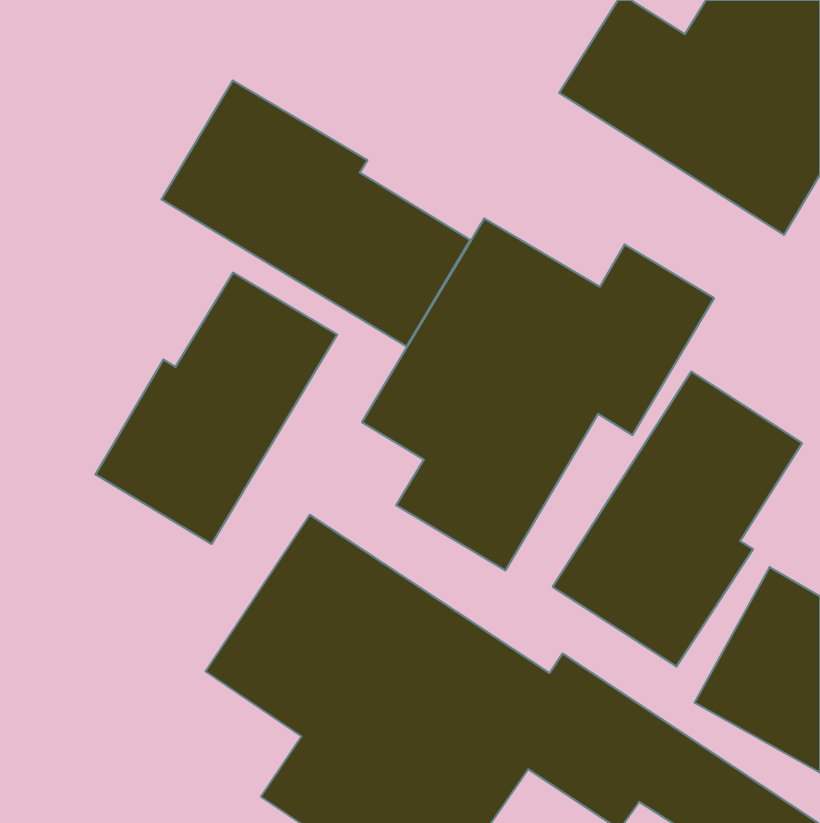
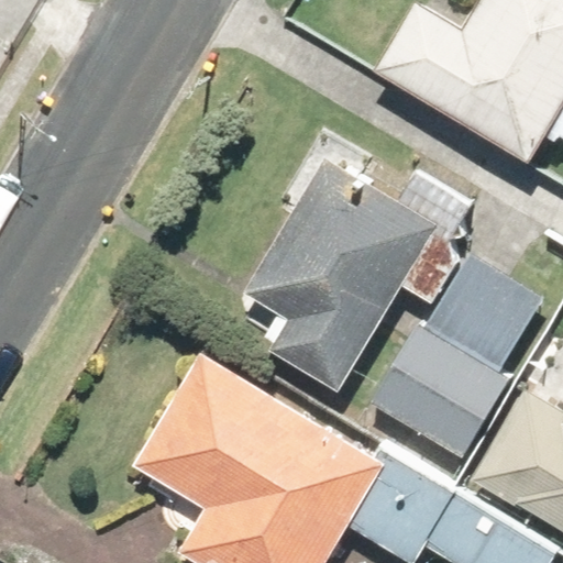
building: [161,80,470,346] -> none
building: [95,272,337,544] -> none

